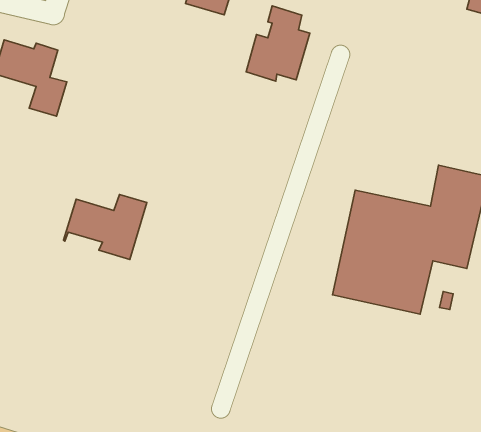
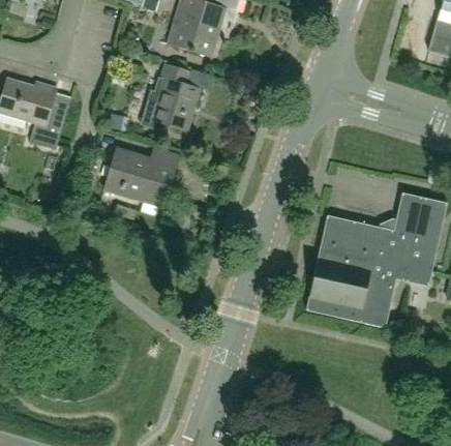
building: [246,6,310,81] -> [141,63,199,131]
building: [64,194,147,259] -> [103,147,179,206]

